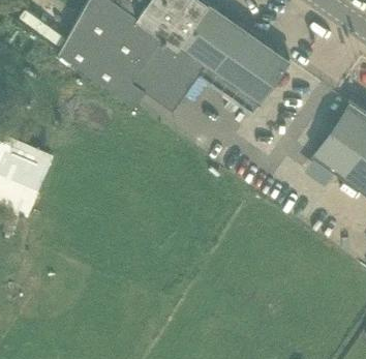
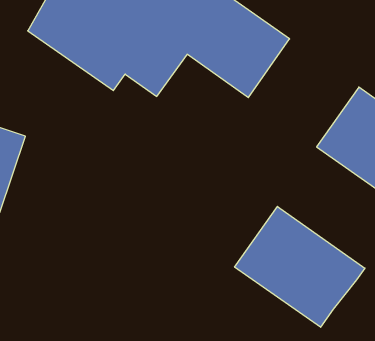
building: none -> [235,206,365,327]

